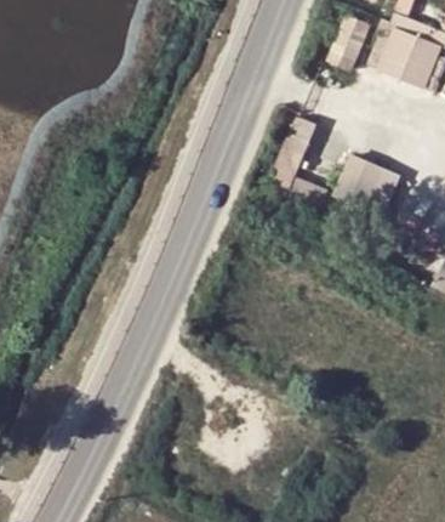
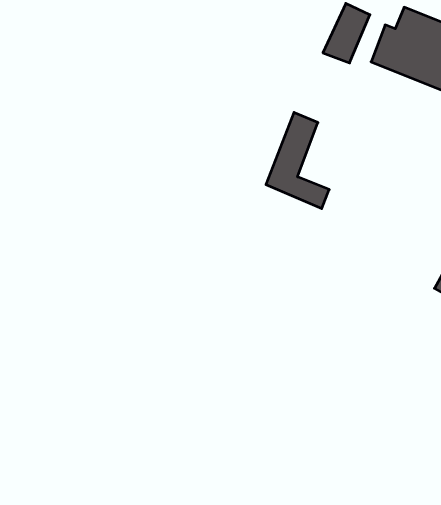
building: [344,152,400,202] -> none

